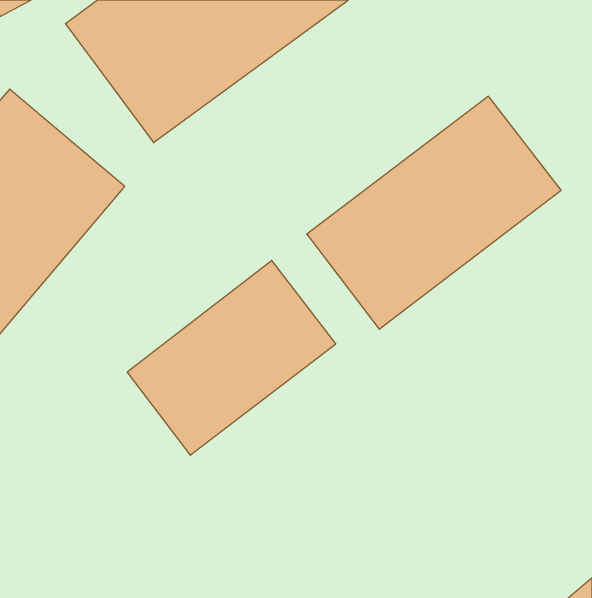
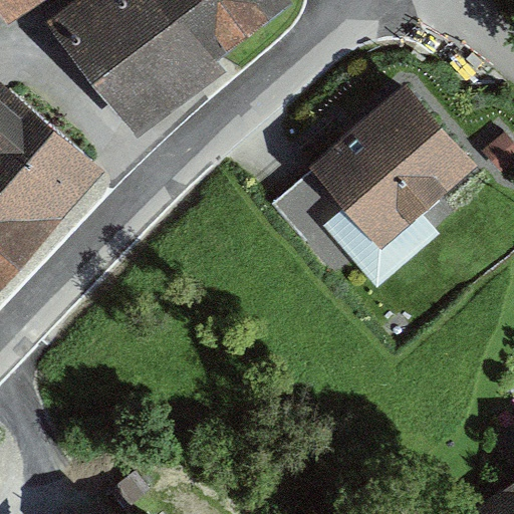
building: [127,260,336,455] -> none

